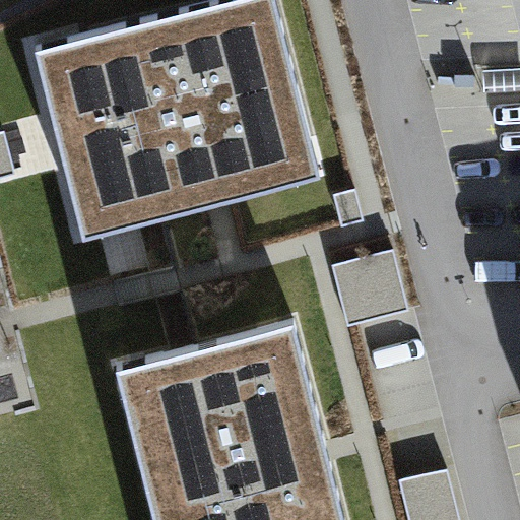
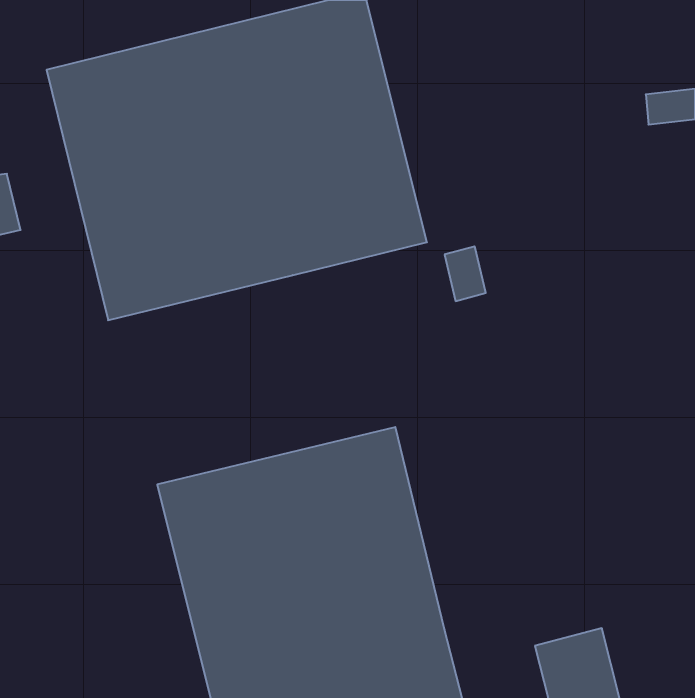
building: [329,246,407,324] -> none

